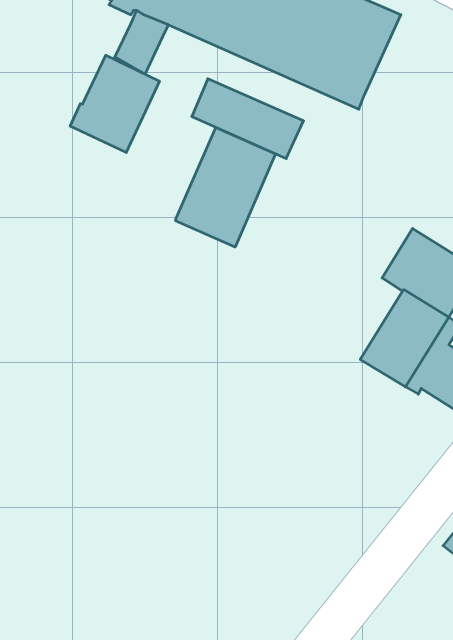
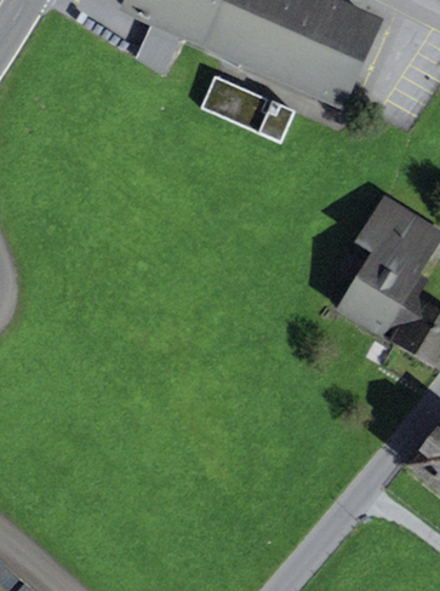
building: [70,55,159,153] -> none
building: [176,127,275,247] -> none

